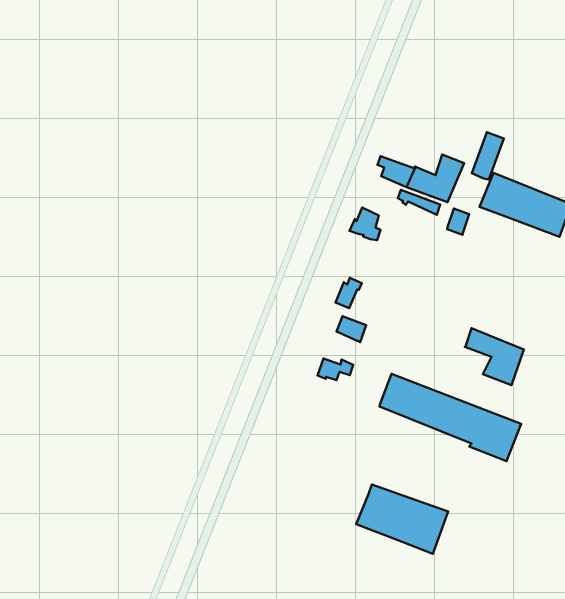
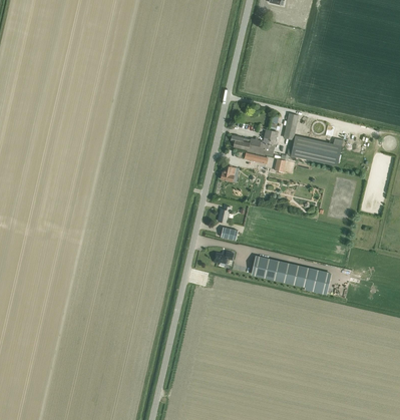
building: [465,328,524,385] -> none
building: [356,485,448,554] -> none

